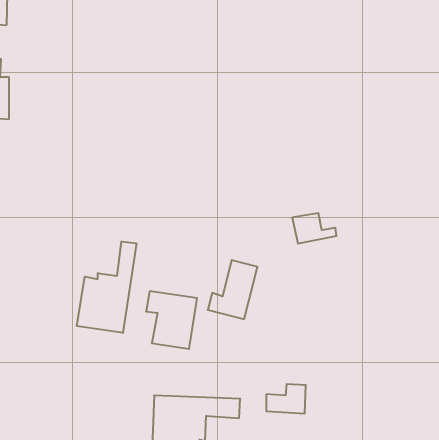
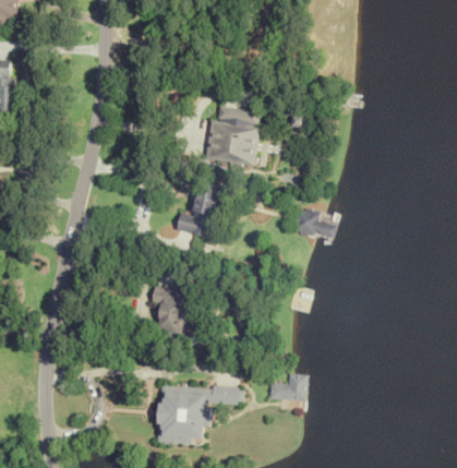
building: none -> [204,105,258,161]
building: [77,241,136,333] -> none
building: [208,260,258,319] -> [175,181,223,238]

